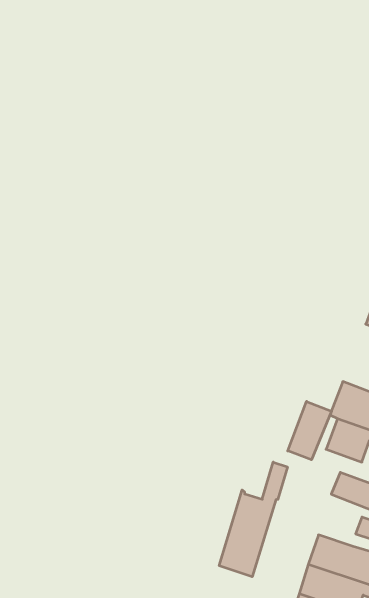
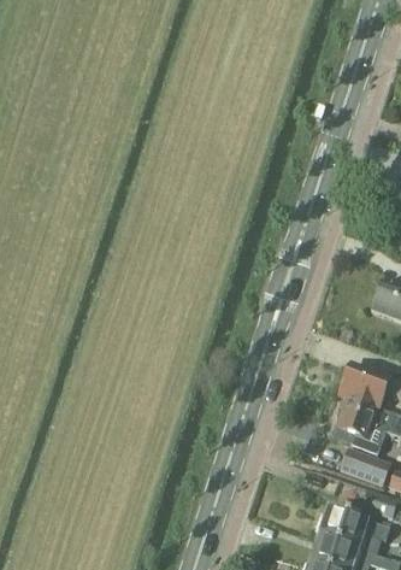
building: [288,401,331,460] -> none
building: [219,462,287,577] -> none

